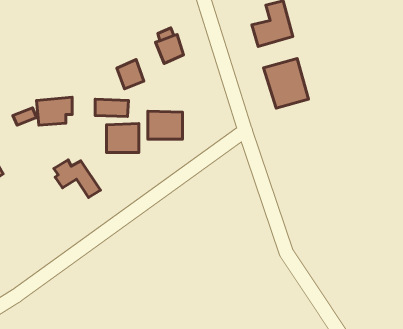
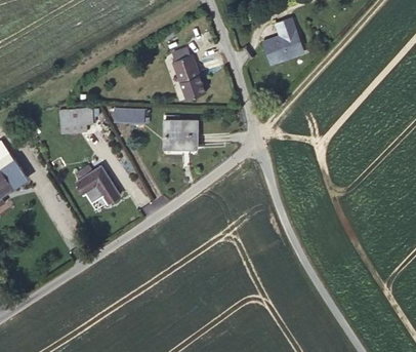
building: [264,58,309,108] -> none
building: [117,60,144,89] -> [179,68,205,95]
building: [107,124,139,153] -> none

